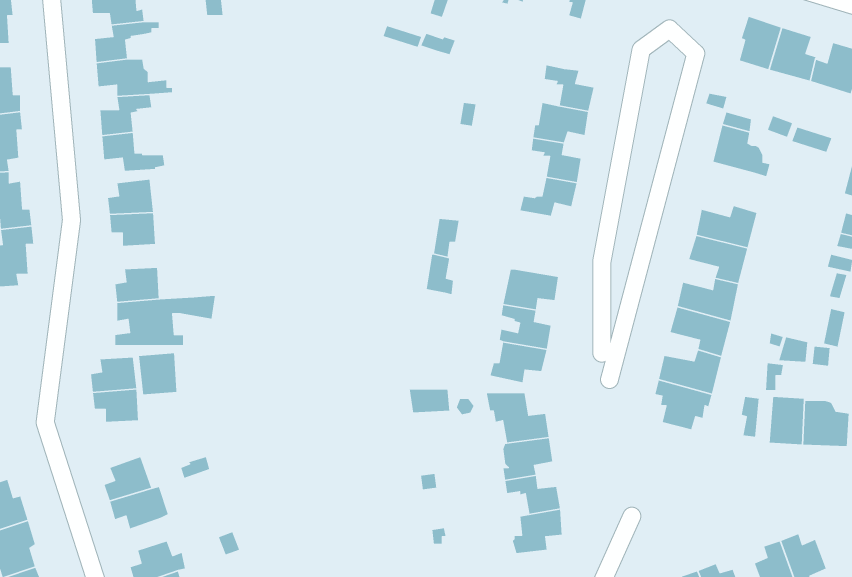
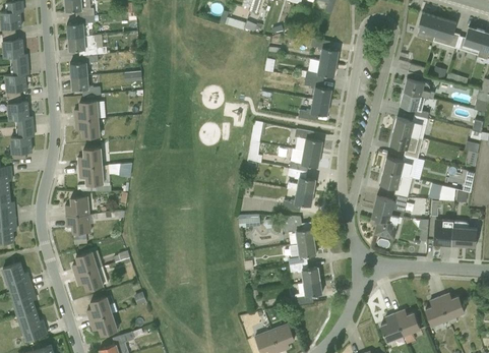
building: none -> [400,92,429,119]
building: none -> [295,129,322,154]
building: [138,353,177,395] -> none

